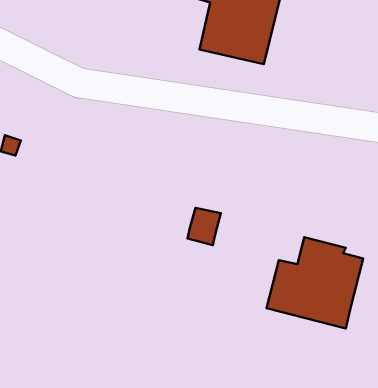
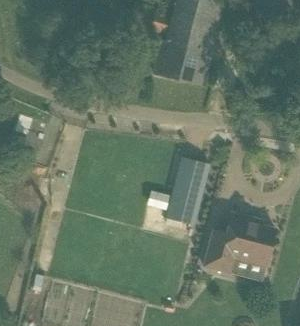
building: none -> [166,156,210,224]

